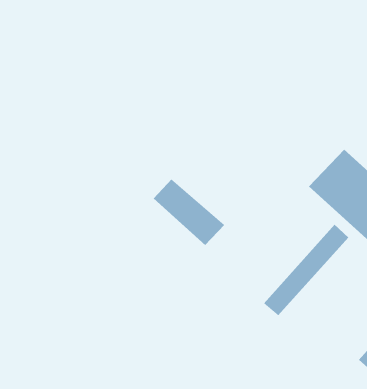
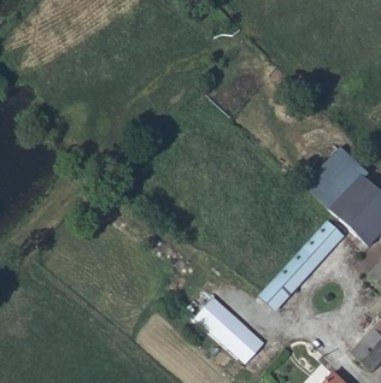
building: [153,179,225,246] -> [194,297,264,363]

